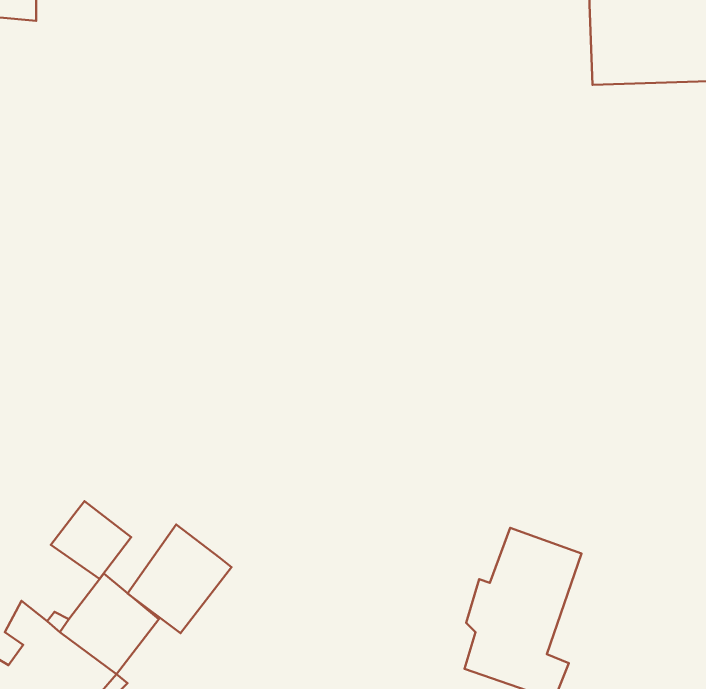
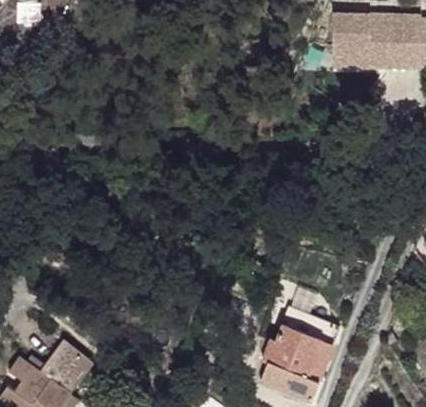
building: [51,501,131,579] -> none
building: [128,525,232,633] -> none

